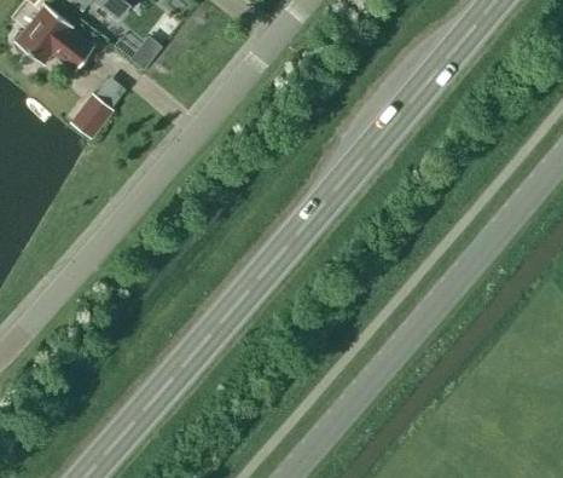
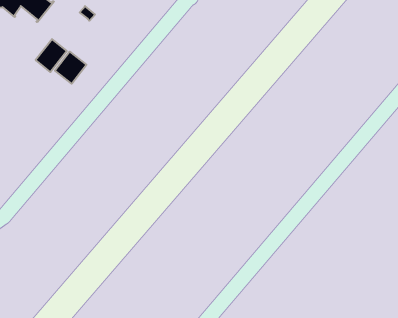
building: none -> [55,52,86,84]

